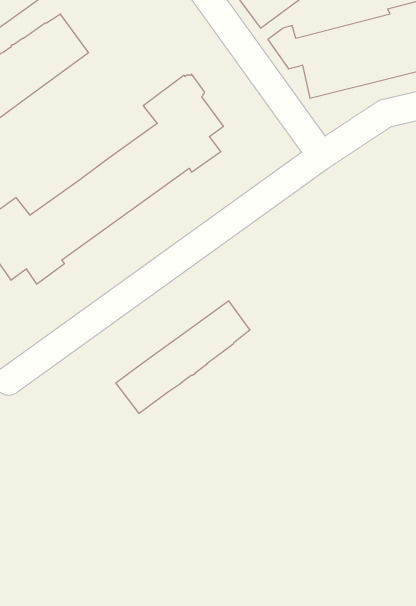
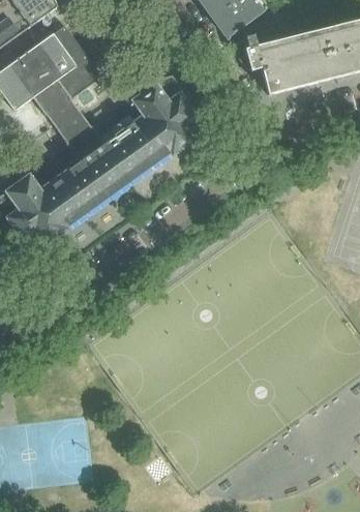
building: none -> [33,57,104,161]
building: [116,301,250,413] -> none

